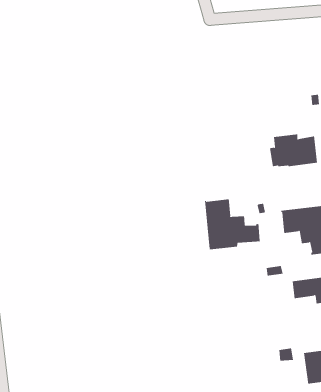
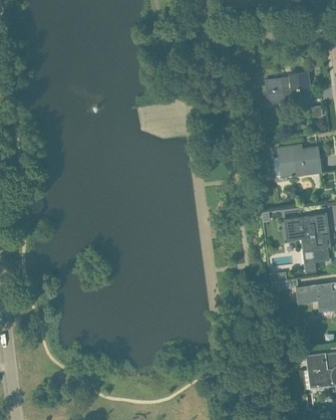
building: none -> [265,73,311,106]
building: [204,199,262,251] -> none

